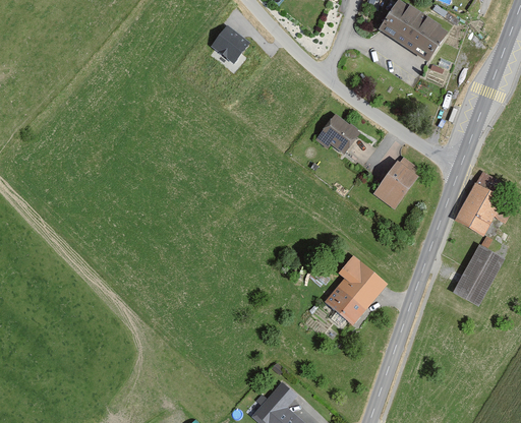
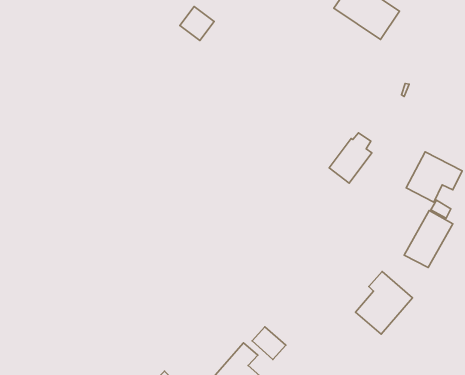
building: [315,111,361,152] -> none
building: [324,254,385,321] -> [356,271,413,334]
building: none -> [252,327,286,359]

